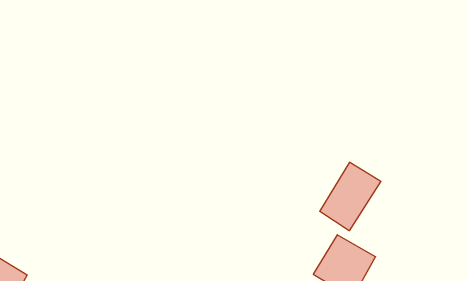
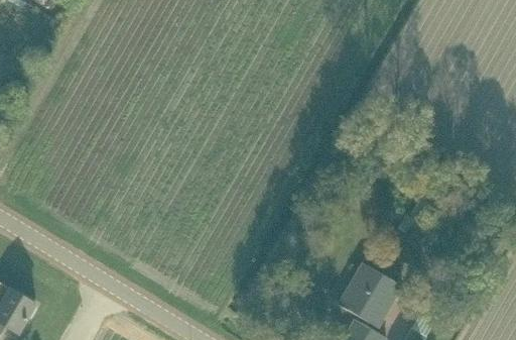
building: [320,162,381,231] -> none

